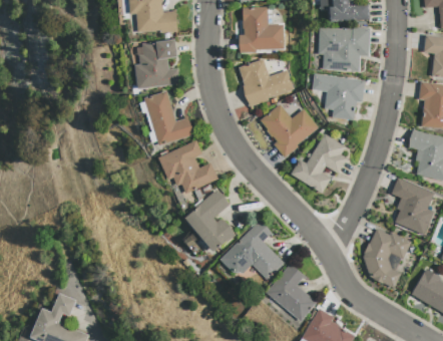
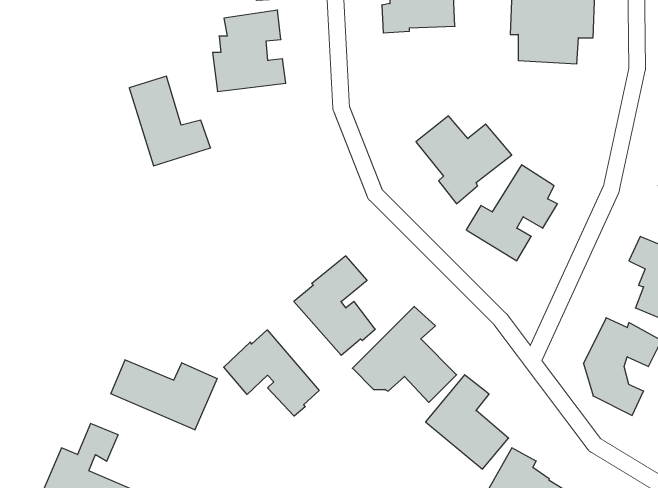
building: [239,58,294,105] -> none
building: [312,73,365,119] -> none
building: [143,90,193,145] -> [129,76,211,166]
building: [157,139,217,194] -> none
building: none -> [224,330,319,416]
building: none -> [111,360,217,430]

